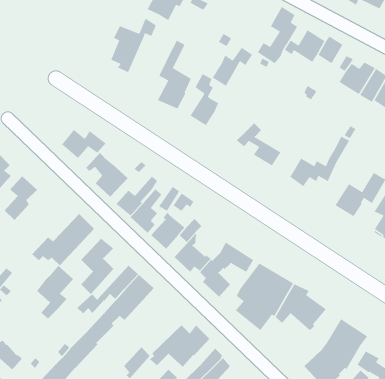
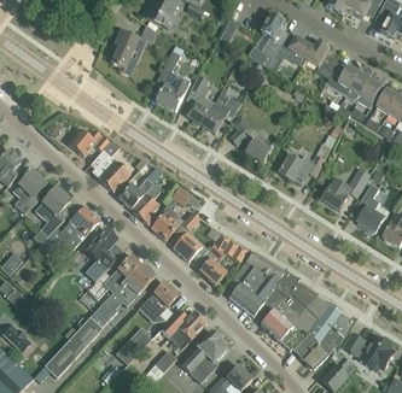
building: [212,47,253,87] -> [203,96,241,134]
building: [36,265,74,319] -> [35,187,70,237]
building: none -> [138,281,177,322]
building: none -> [261,295,328,350]

